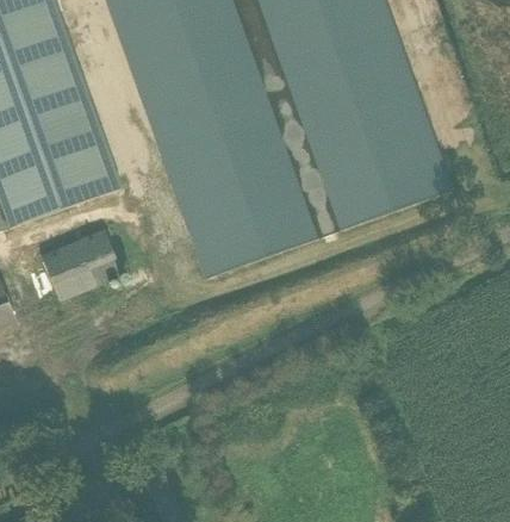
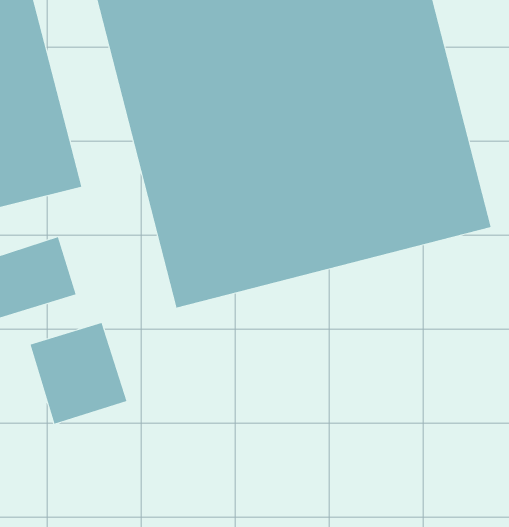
building: none -> [30,322,127,425]

